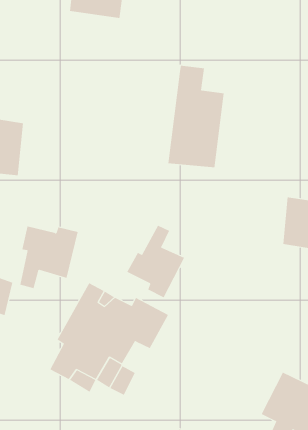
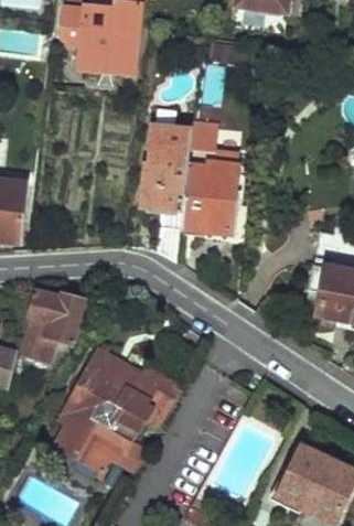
building: none -> [139,125,192,260]
building: [127,225,185,298] -> none

